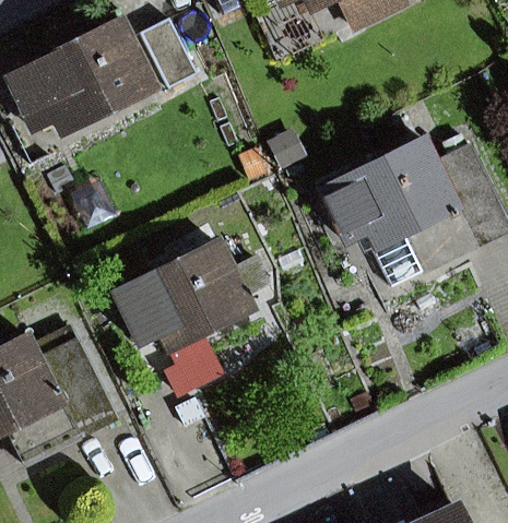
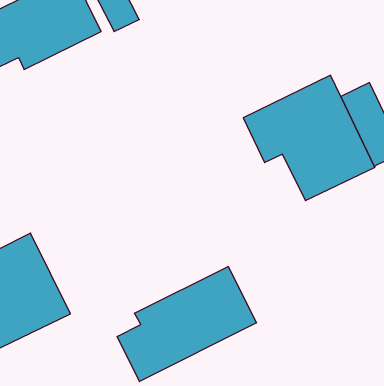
building: [111,241,267,349] -> none
building: none -> [117,266,256,382]

